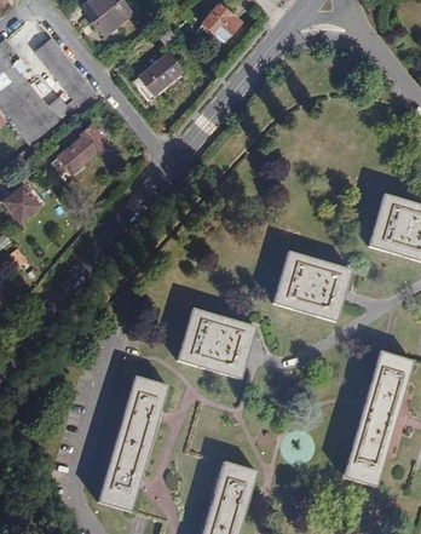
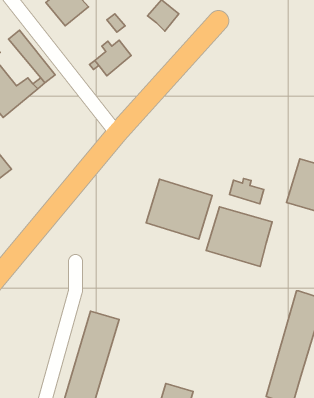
building: [57,124,106,172] -> none
building: none -> [230,178,264,204]
building: [177,308,255,379] -> [146,179,212,239]

